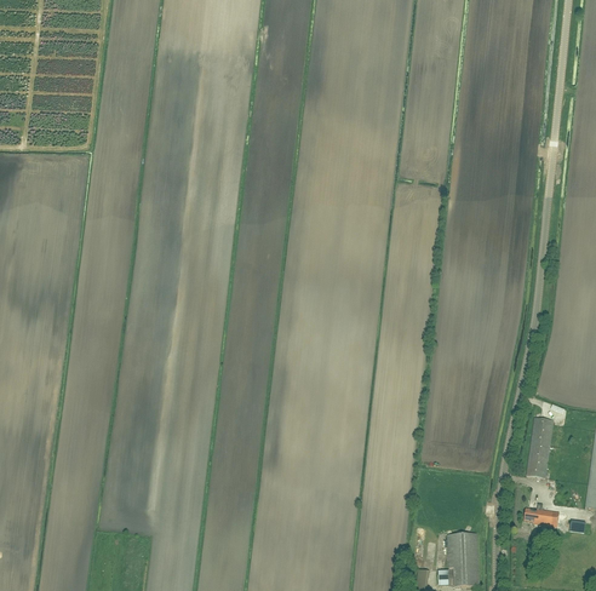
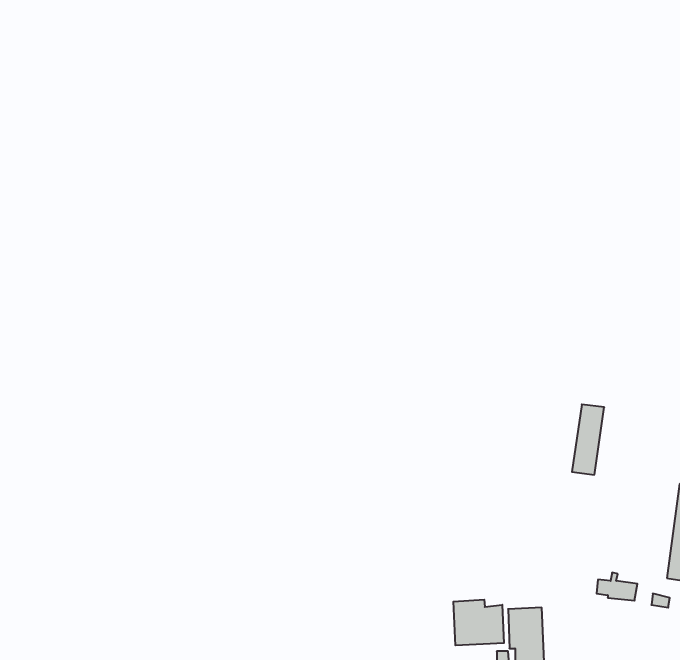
building: [525,418,552,478] -> [572,404,604,475]
building: none -> [453,600,504,645]

